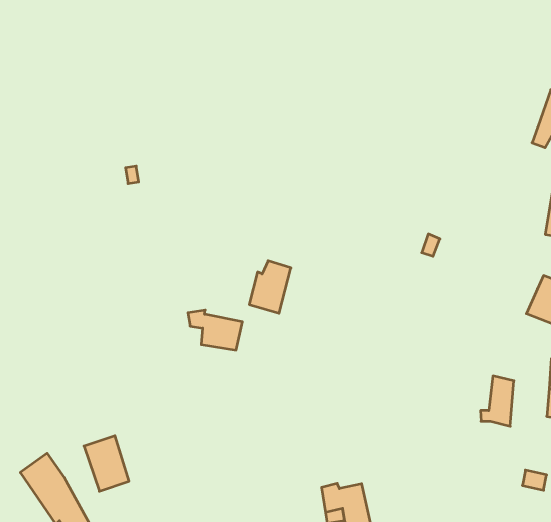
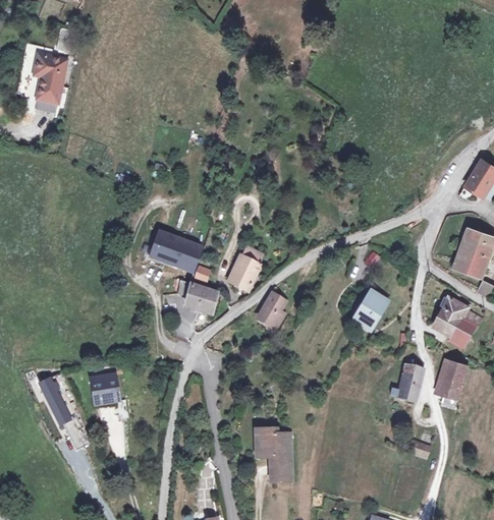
building: none -> [151,233,202,272]
building: none -> [355,290,385,324]
building: none -> [257,296,283,329]

